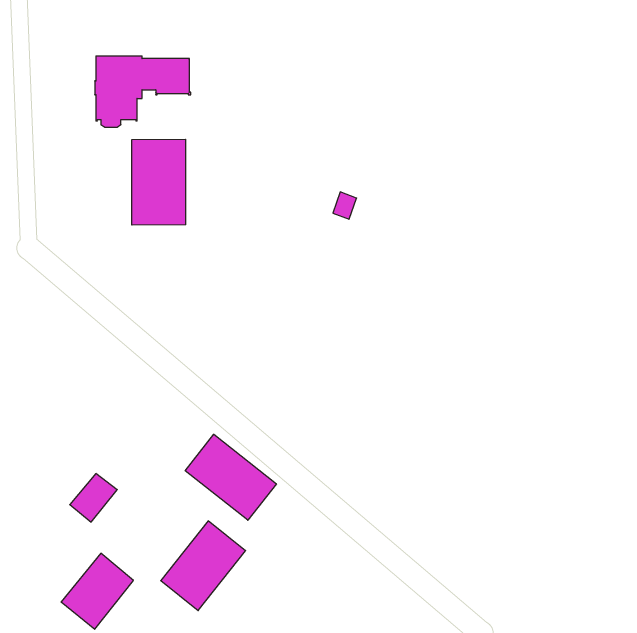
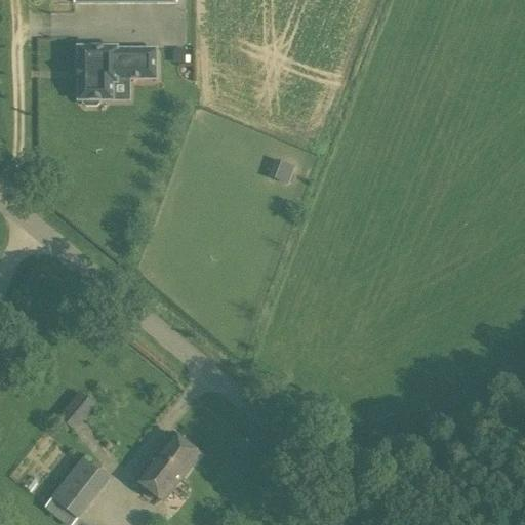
building: [132,139,186,225] -> none
building: [185,434,276,520] -> none

